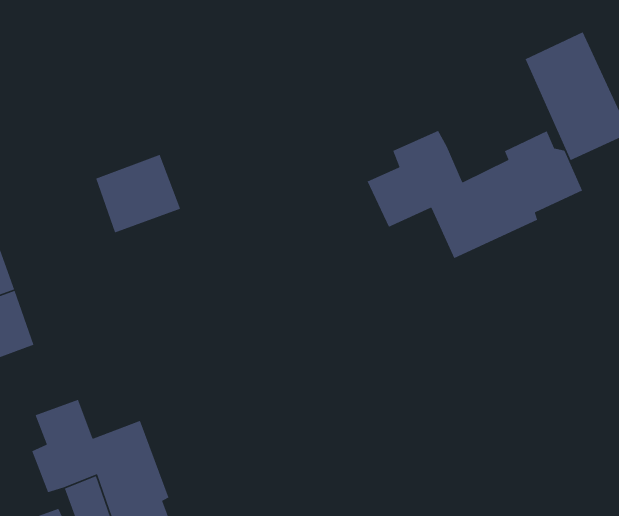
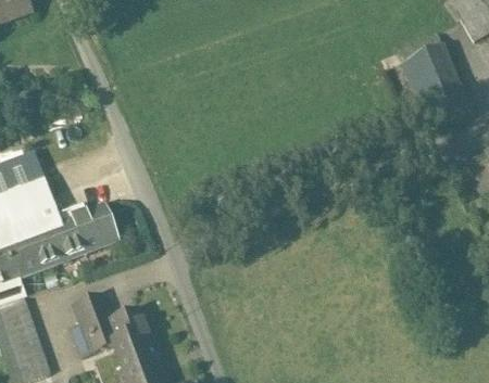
building: [367,130,583,259] -> none
building: [95,154,181,233] -> [60,202,117,255]

